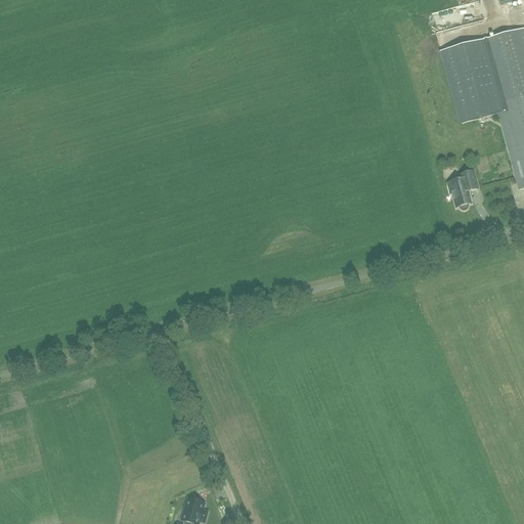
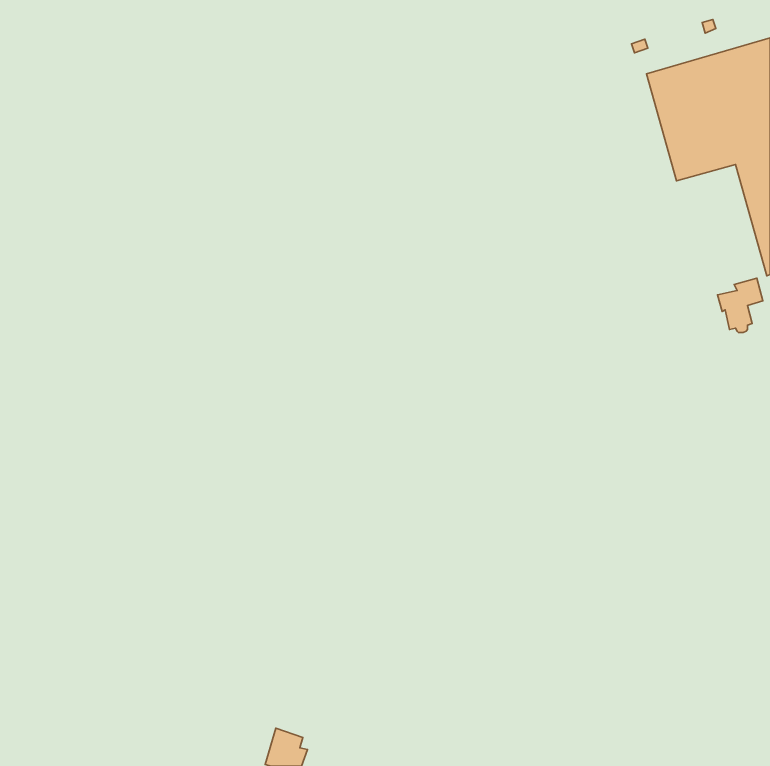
building: [447,171,478,208] -> [718,278,763,333]

